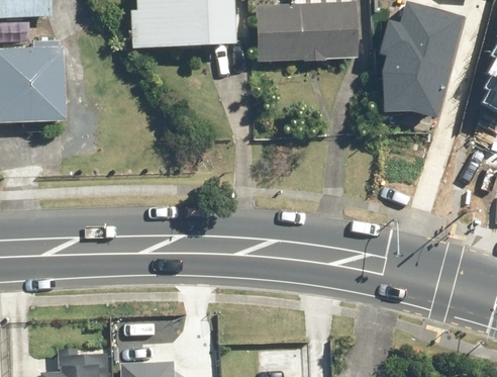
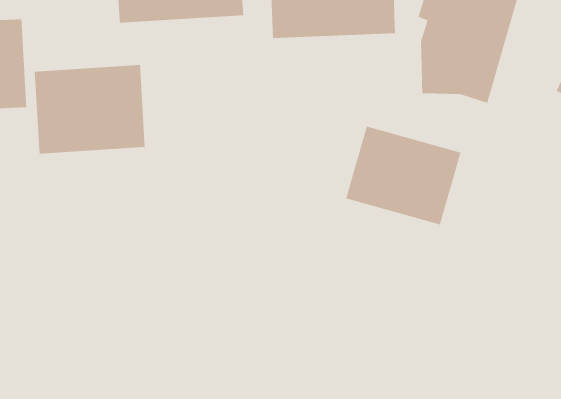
building: none -> [34,64,146,155]
building: none -> [345,126,462,225]

